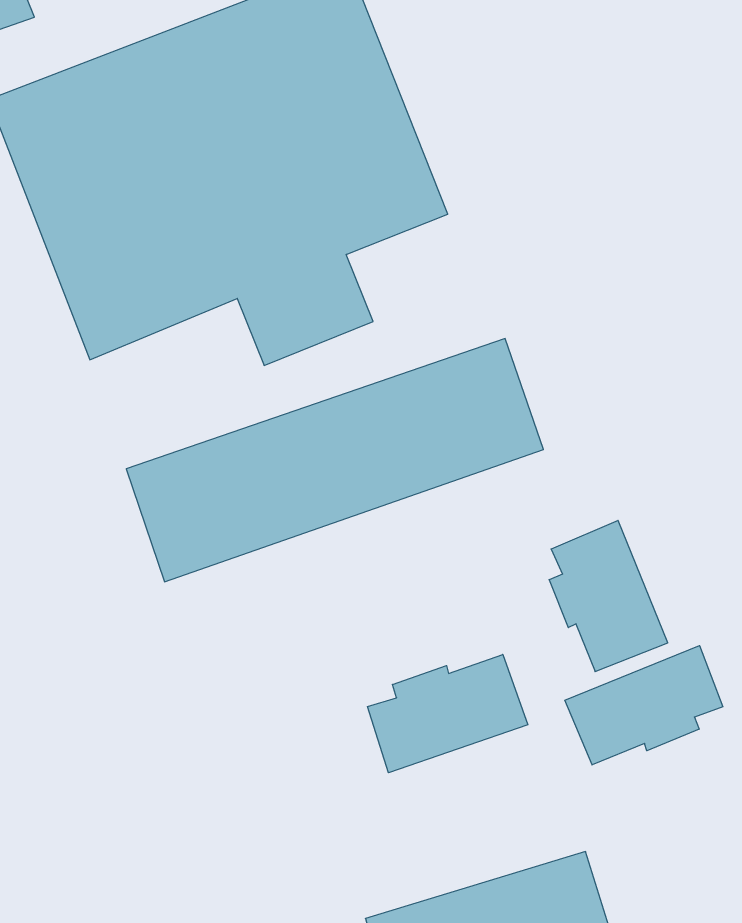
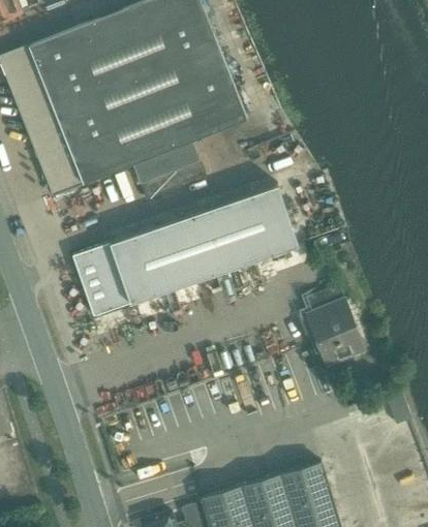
building: [565,646,723,765] -> none
building: [367,654,528,773] -> none

